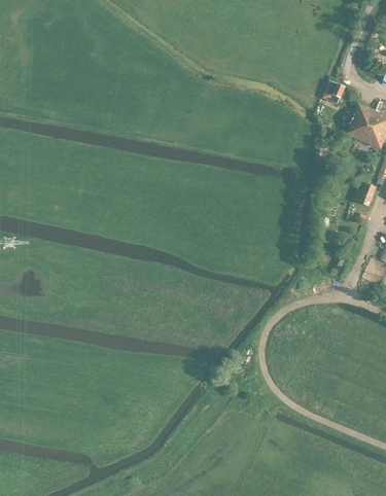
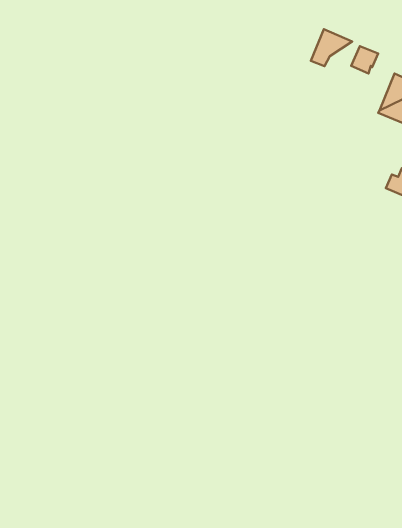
building: none -> [311,29,352,66]

